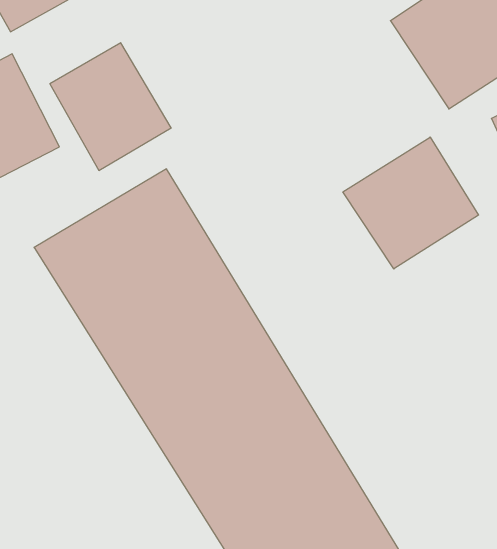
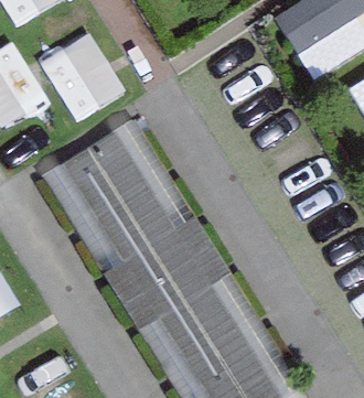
building: [343,137,479,269] -> none

